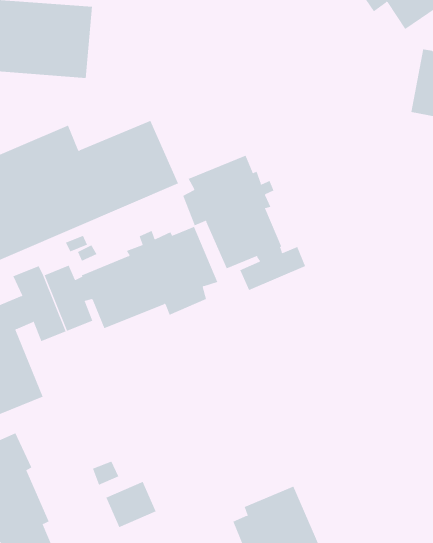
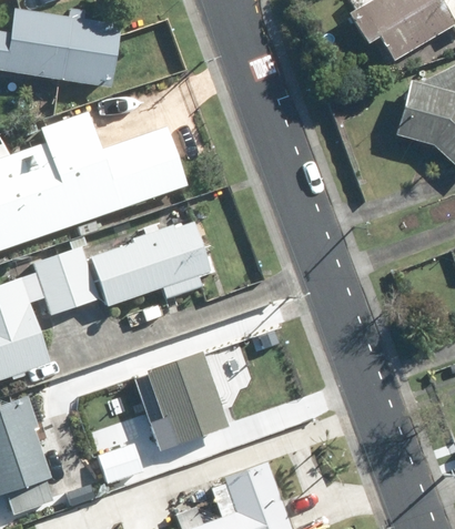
building: [182,155,306,291] -> none
building: none -> [138,353,231,451]

